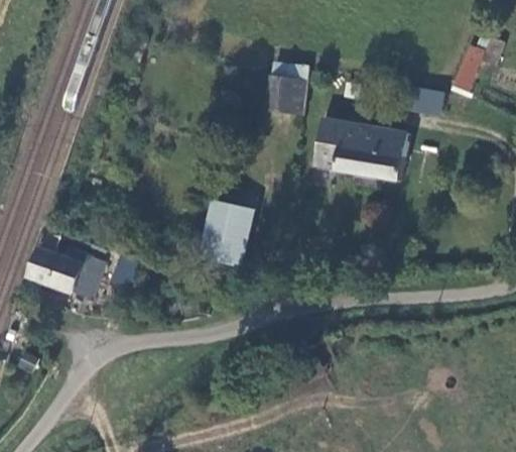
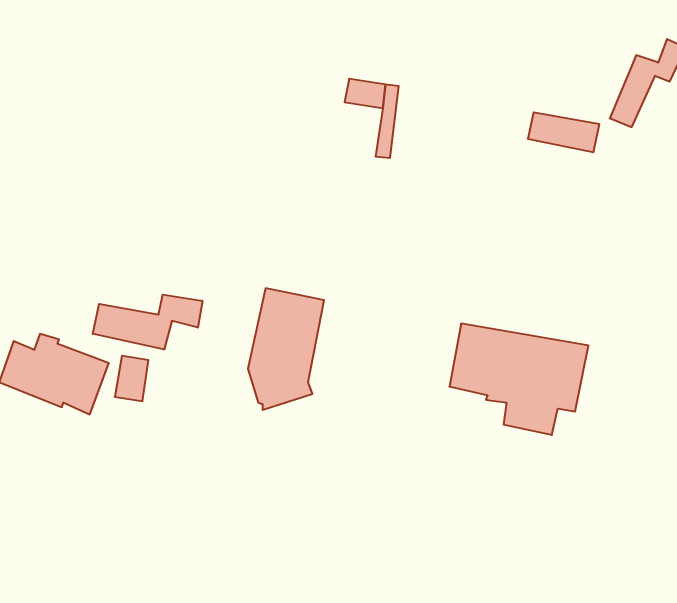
building: [313,120,409,197] -> [449,324,588,435]
building: none -> [93,295,202,350]

